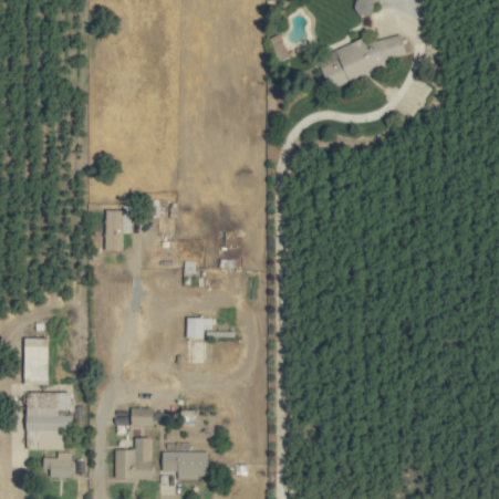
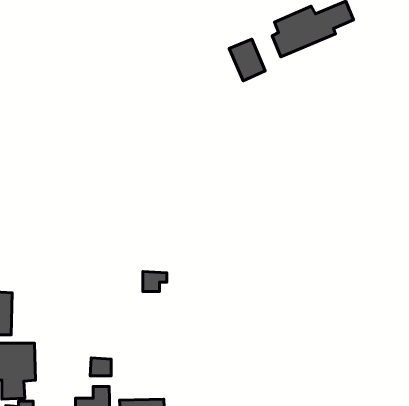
building: none -> [229,39,265,81]
building: [104,209,131,250] -> none

